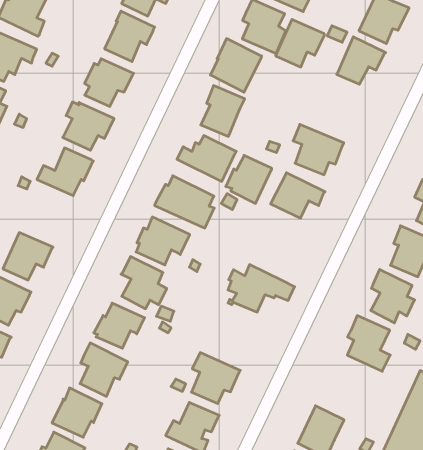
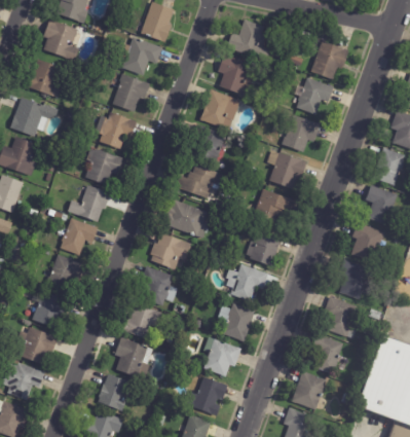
building: [276,19,324,67] -> [284,115,321,152]
building: [226,155,272,203] -> [247,229,282,266]
building: none -> [61,219,98,256]
building: none -> [222,303,256,342]
building: none -> [311,334,343,374]

